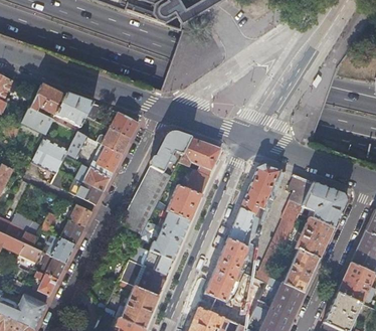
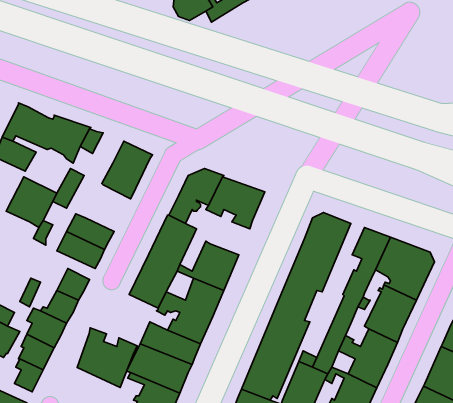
building: [89,144,123,178] -> none
building: [181,170,210,195] -> none
building: none -> [77,328,137,388]

